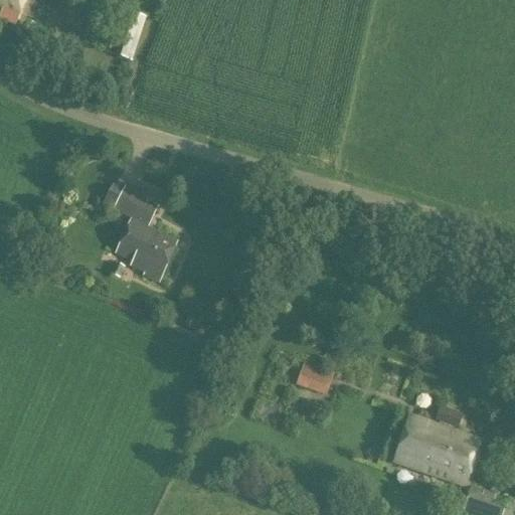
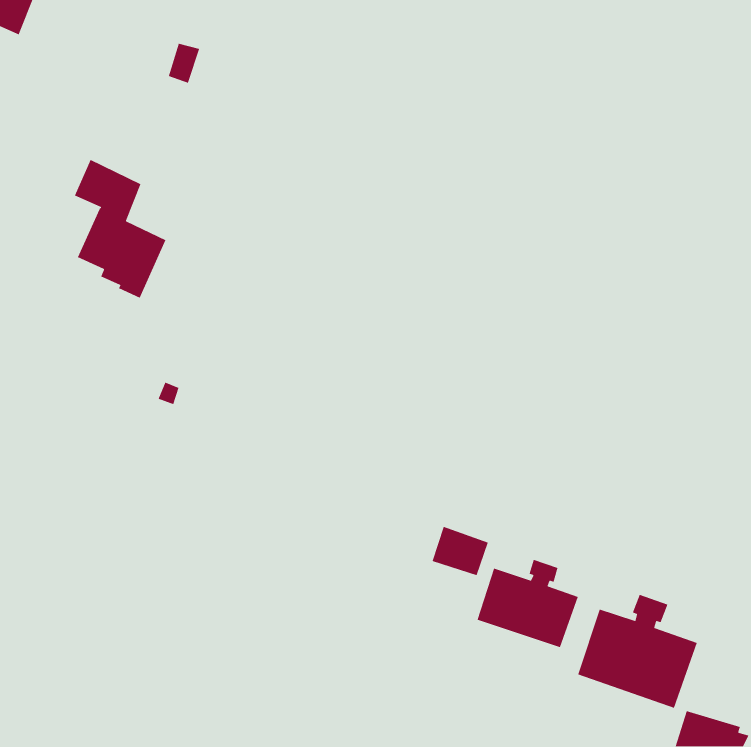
building: [112,184,175,280] -> [74,159,167,299]
building: none -> [476,559,579,648]

